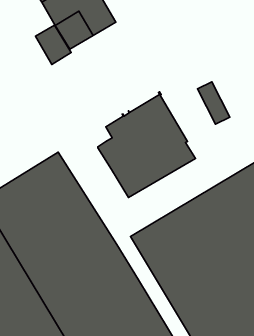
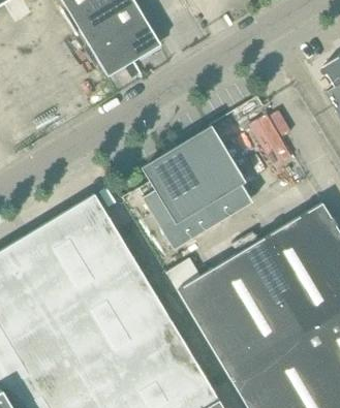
building: [35,25,71,65] -> none

